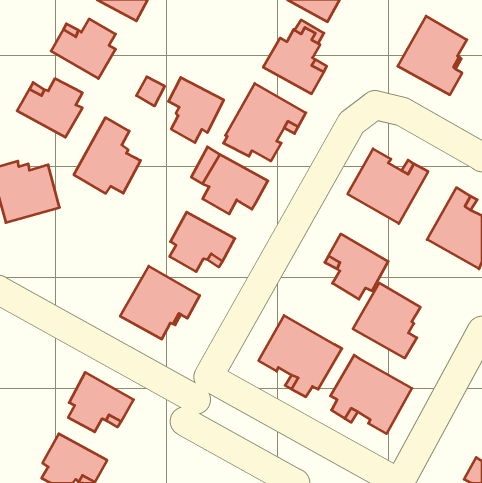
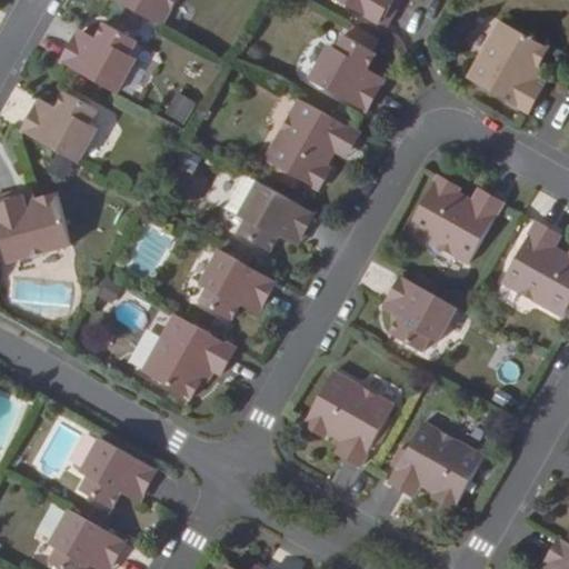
building: [168,77,224,143] -> none
building: [74,118,141,193] -> none
building: [353,283,420,358] -> none

